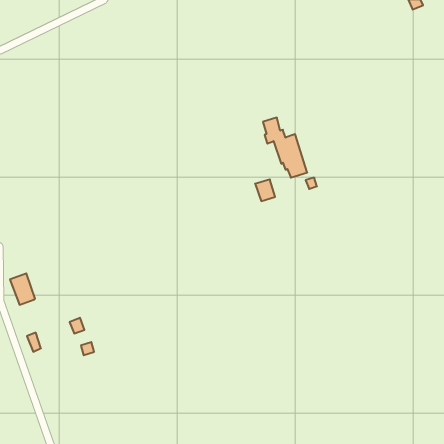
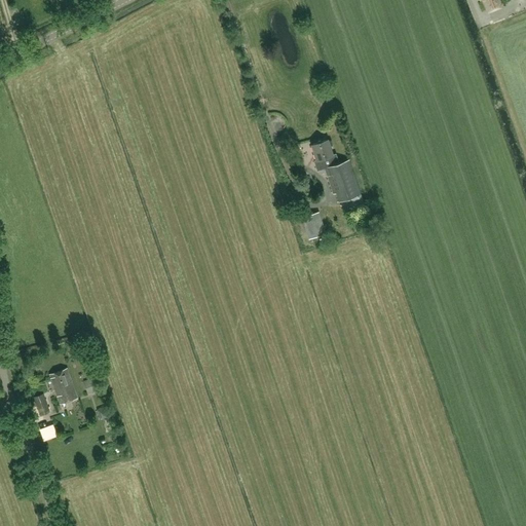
building: [10,273,35,305] -> [47,367,77,404]

